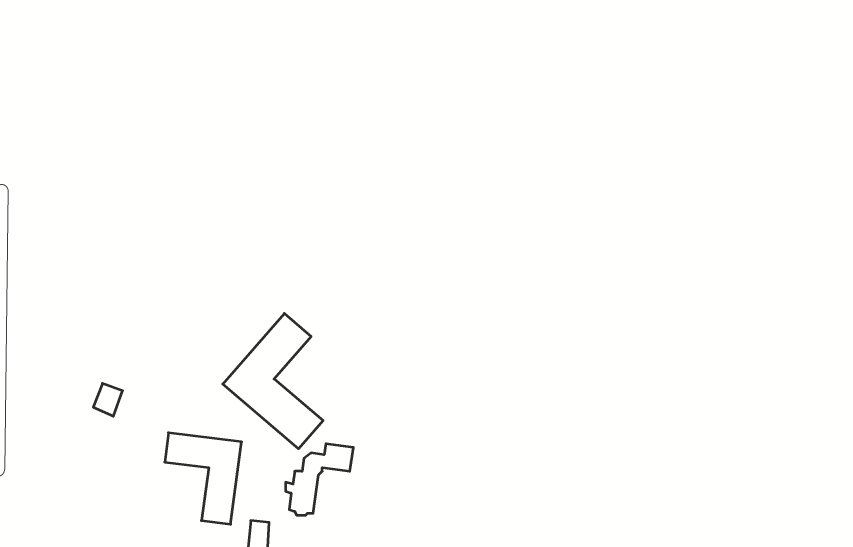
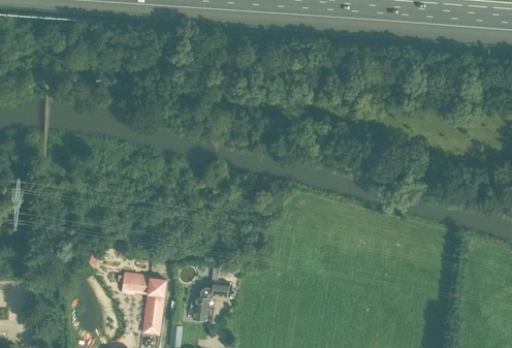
building: [223,313,323,449] -> none

